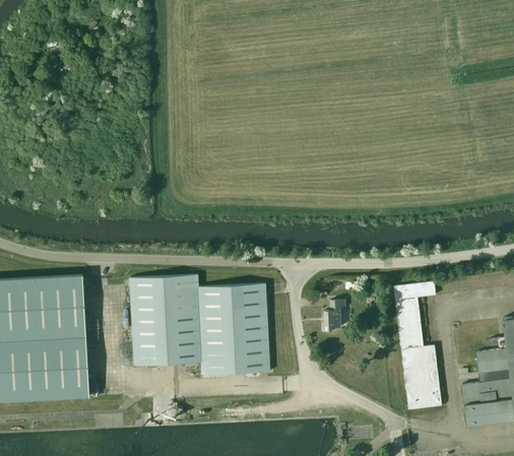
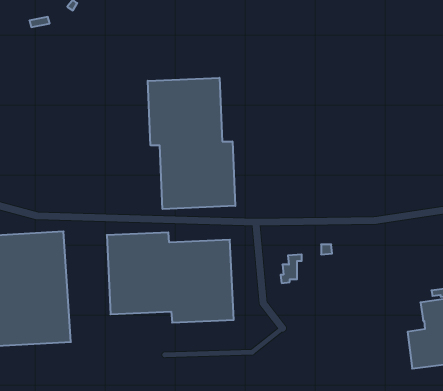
building: none -> [148,78,235,209]
building: [393,281,441,409] -> none

